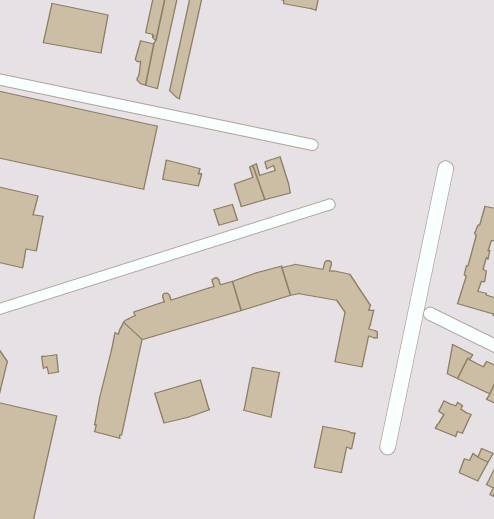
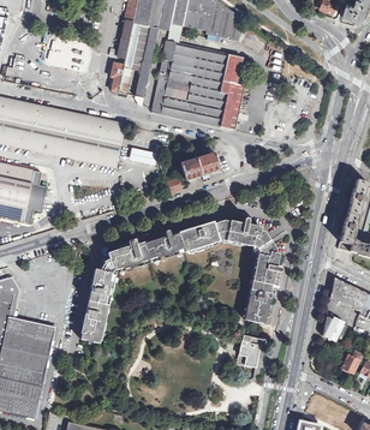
building: none -> [151,41,244,131]
building: [244,368,280,417] -> [245,289,270,324]
building: [155,380,209,423] -> none

